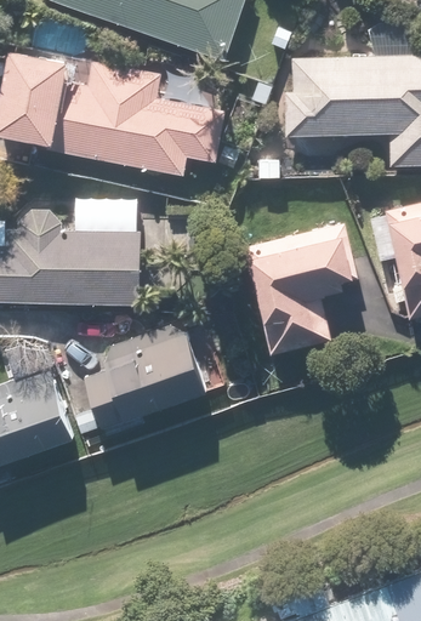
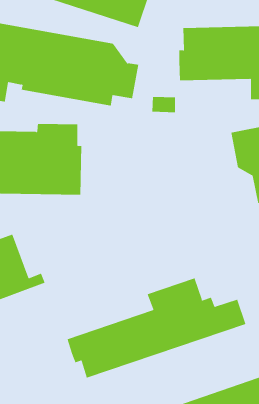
building: [240,222,358,355] -> none
building: [85,323,210,429] -> none
building: none -> [67,277,246,379]

